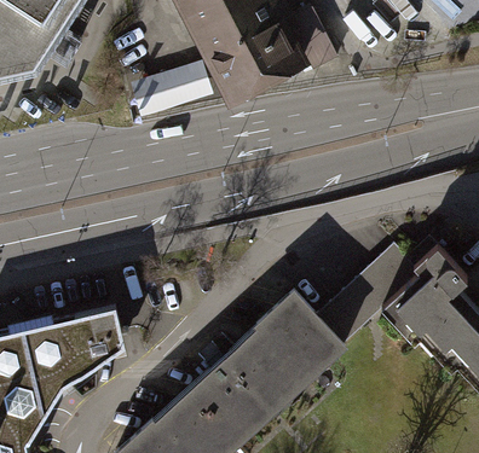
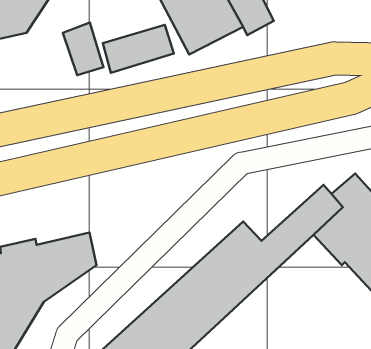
building: none -> [63,22,104,75]

